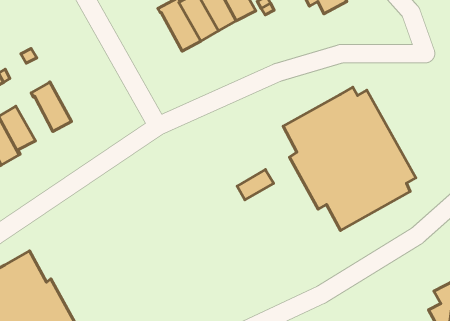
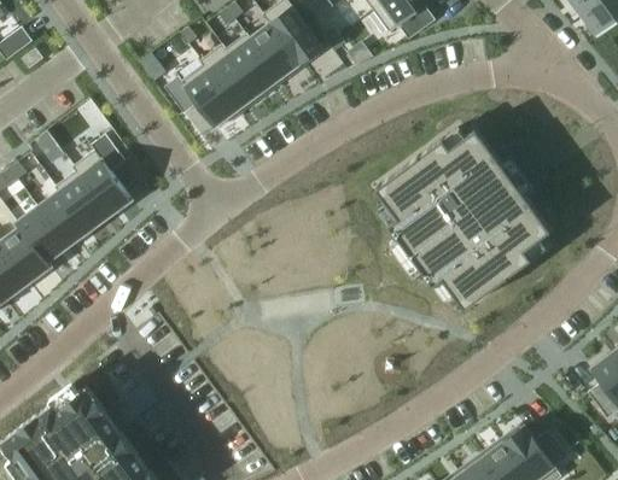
building: none -> [164,65,237,125]
building: none -> [72,134,132,216]
building: none -> [37,191,88,246]
building: [237,170,274,200] -> none

